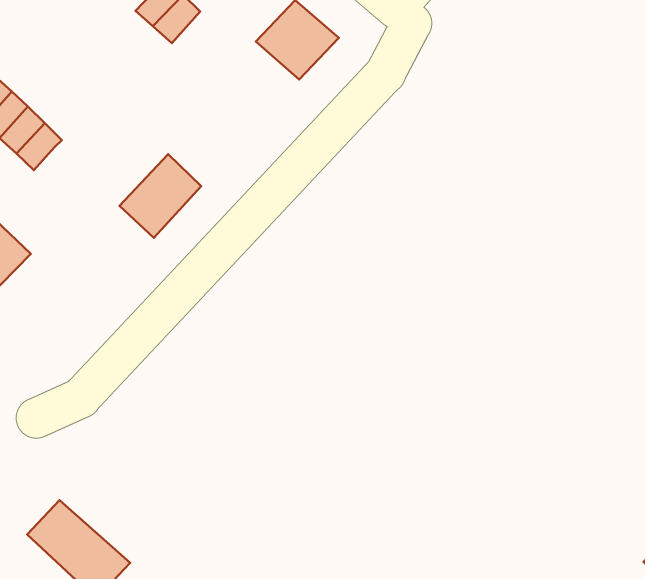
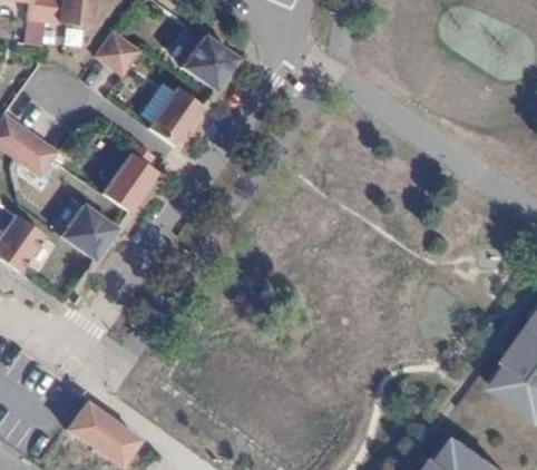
building: none -> [148,87,204,146]
building: none -> [60,202,117,260]

